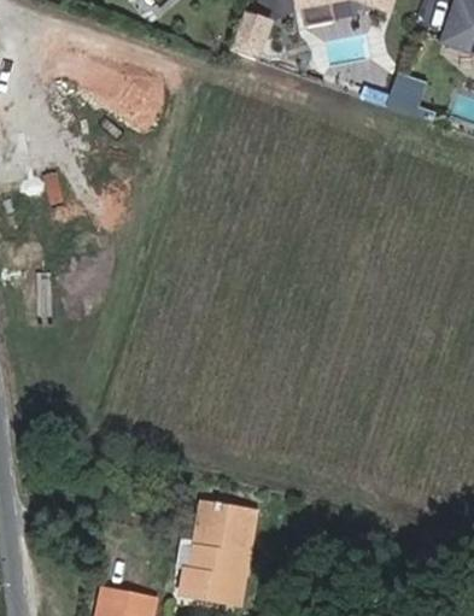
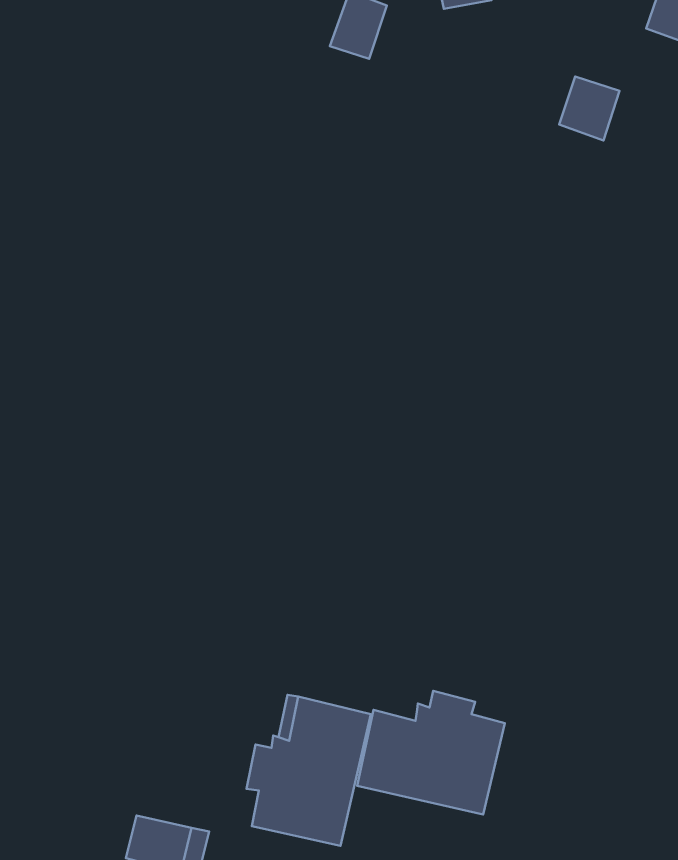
building: none -> [357,691,505,815]

